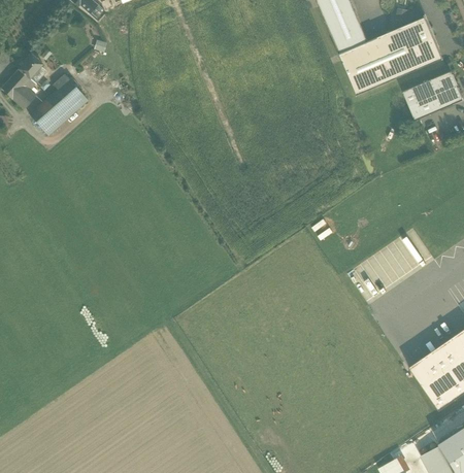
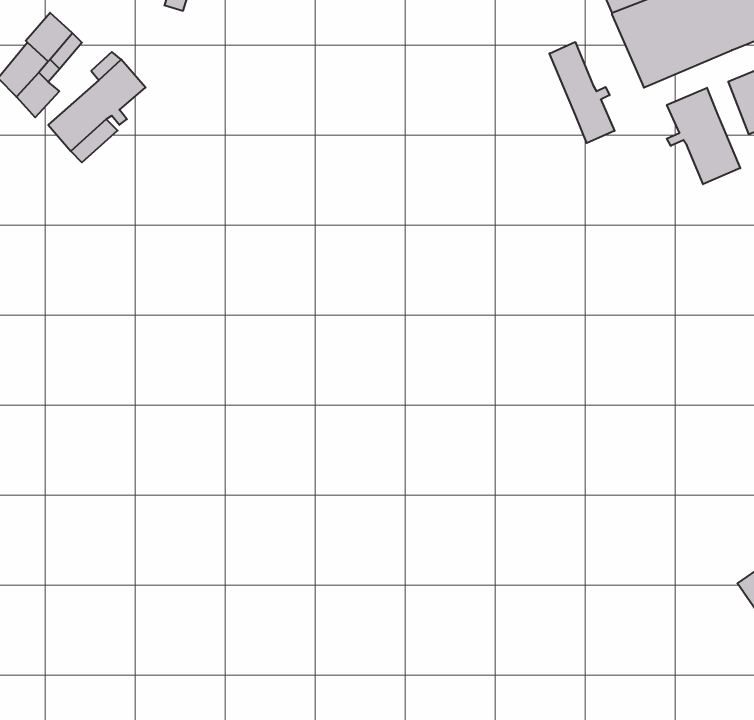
building: none -> [549,42,615,143]
building: none -> [667,88,740,184]

